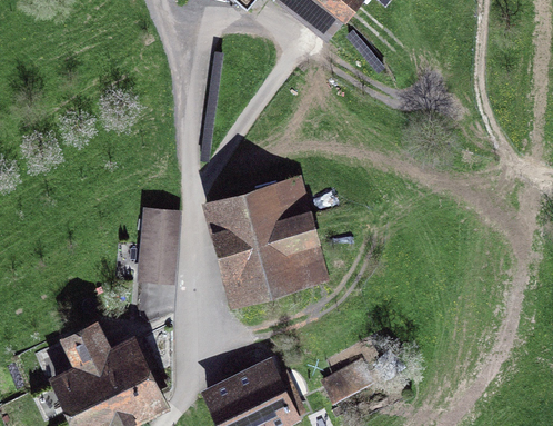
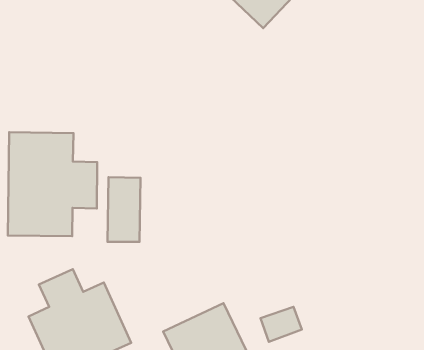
building: none -> [8,132,97,236]
building: [207,178,323,305] -> none

